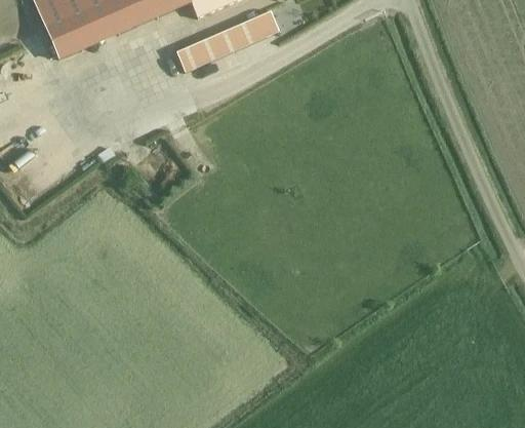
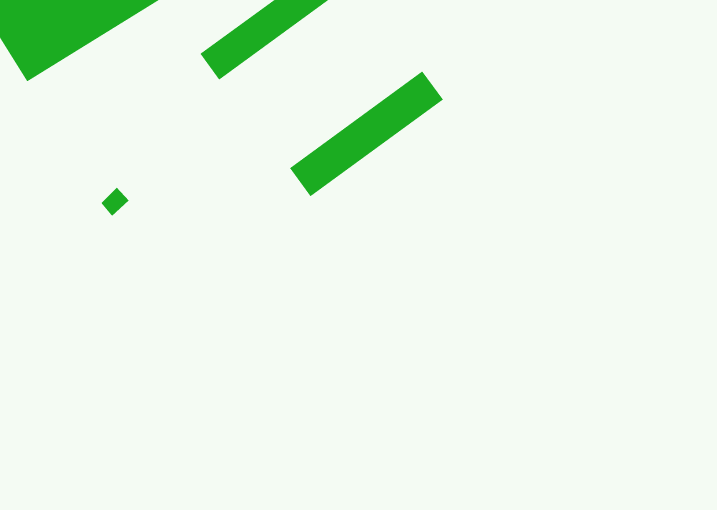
building: none -> [289,70,444,197]

